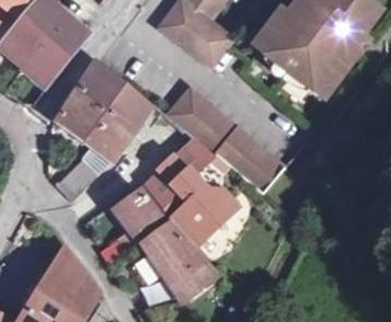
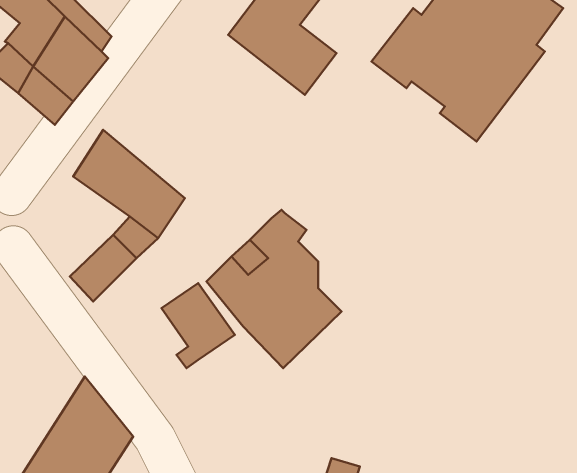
building: [77,60,149,134] -> none
building: [166,89,283,193] -> none
building: [139,220,216,301] -> none

